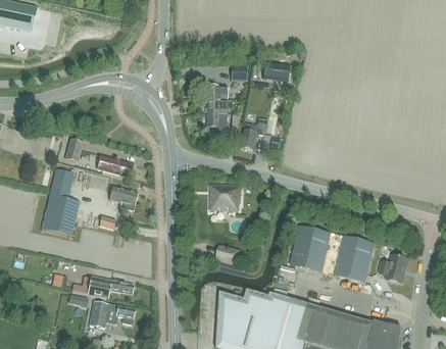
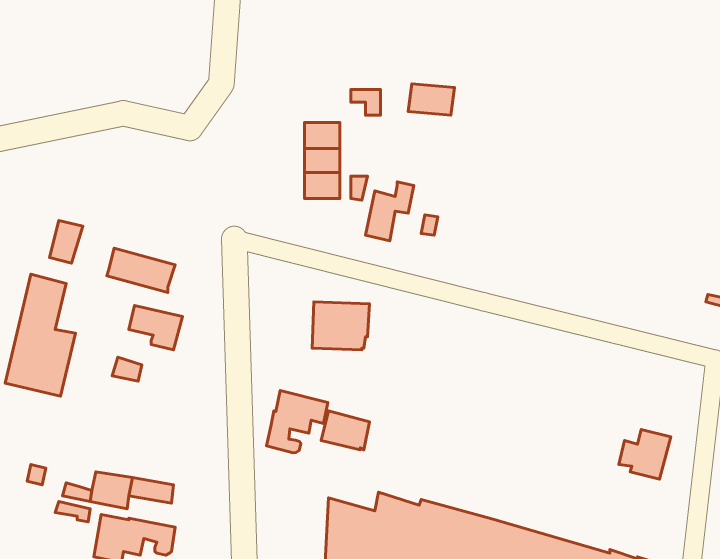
building: [290,226,375,283] -> none
building: none -> [267,391,328,453]

